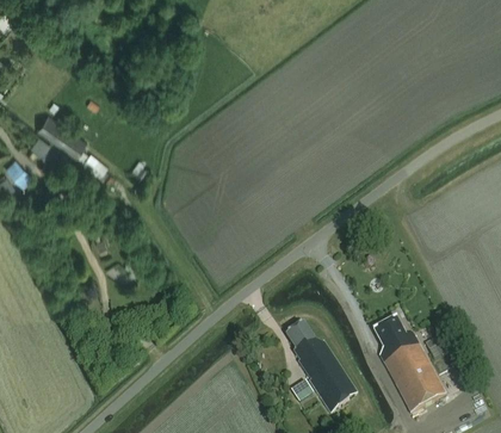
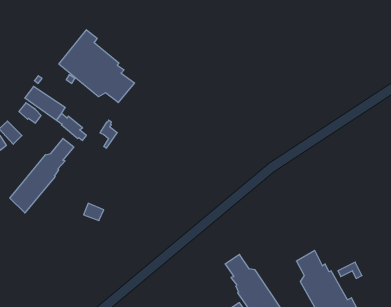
building: none -> [59,30,135,103]
building: none -> [10,138,74,213]

